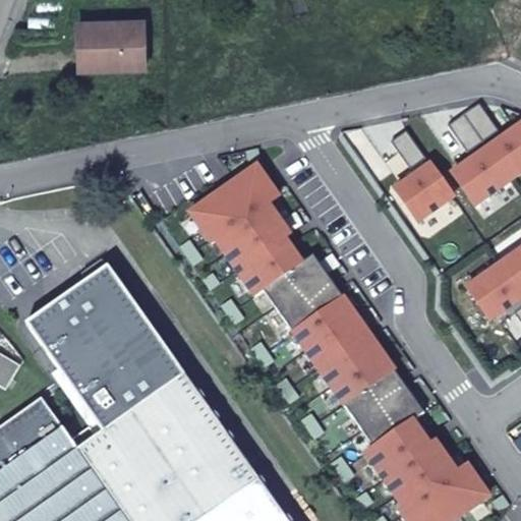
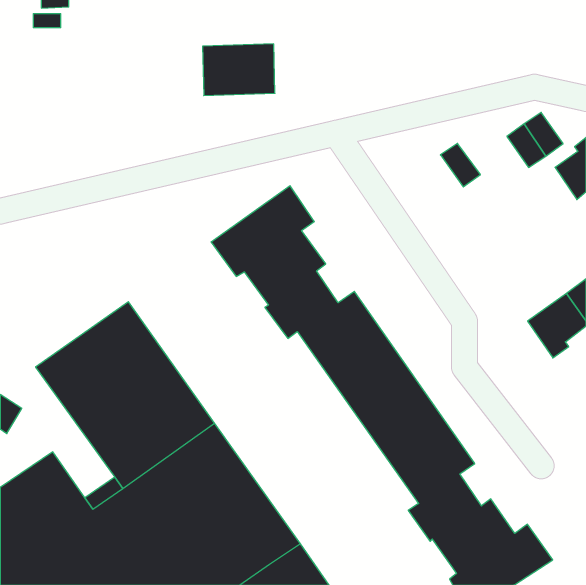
building: [80,19,144,65] -> [203,44,275,96]
building: [454,149,512,201] -> none
building: [395,166,453,219] -> none

